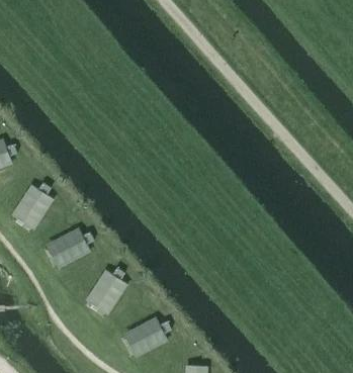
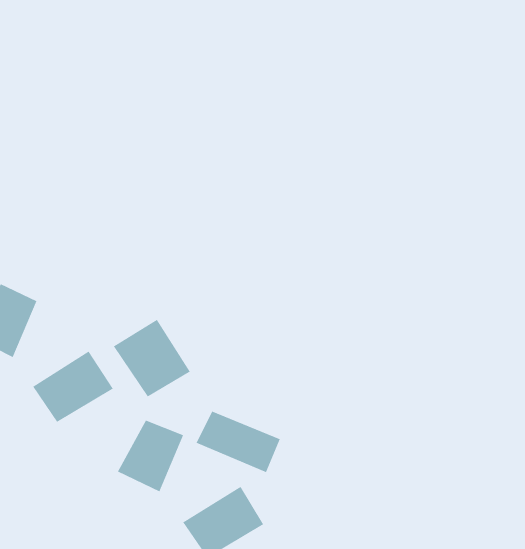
building: none -> [113,319,191,397]
building: none -> [195,410,281,473]

